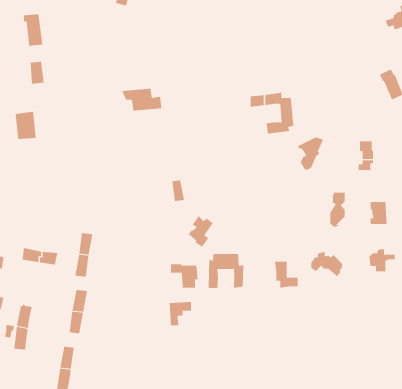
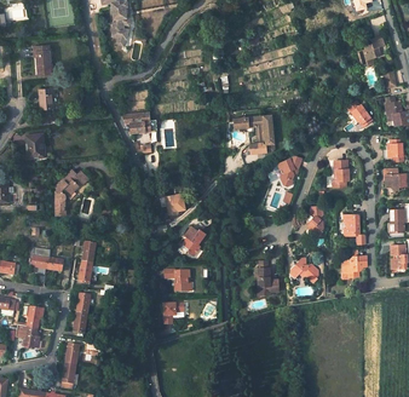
building: none -> [54,169,90,217]
building: [208,253,244,289] -> none

